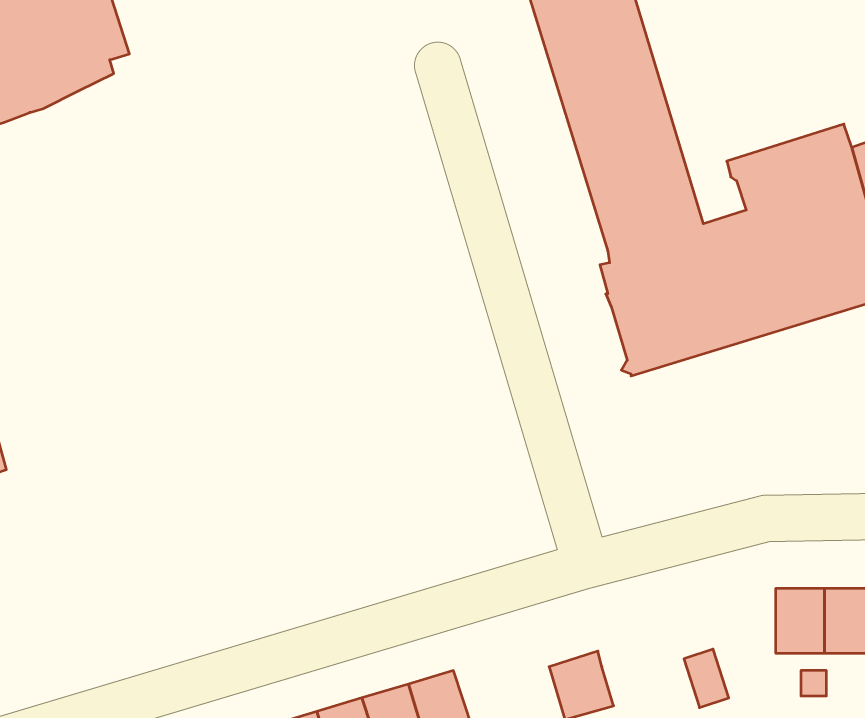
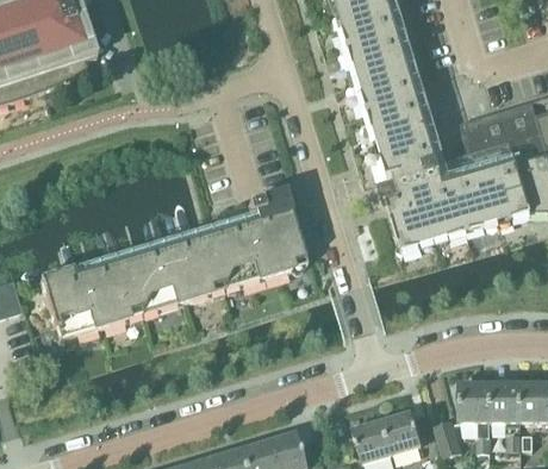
building: none -> [39,188,307,339]
building: none -> [459,381,490,450]
building: none -> [381,411,421,452]

